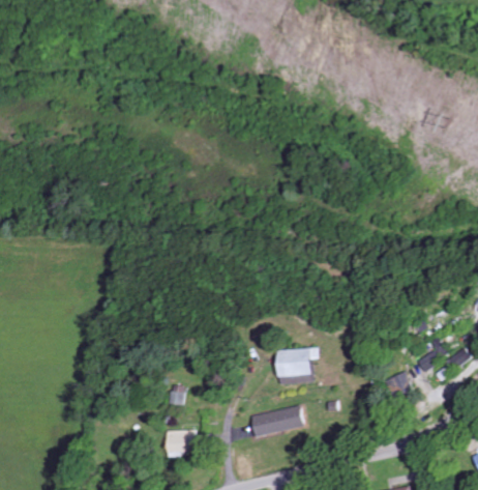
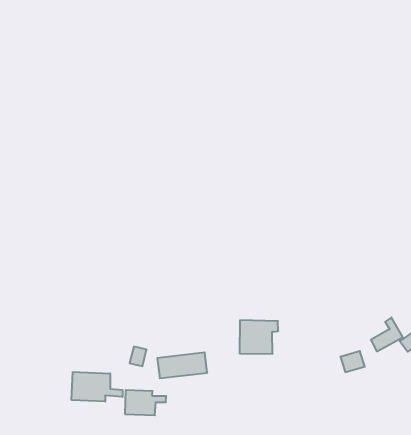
building: [250,406,303,436] -> [157,352,207,378]
building: none -> [72,372,122,402]

